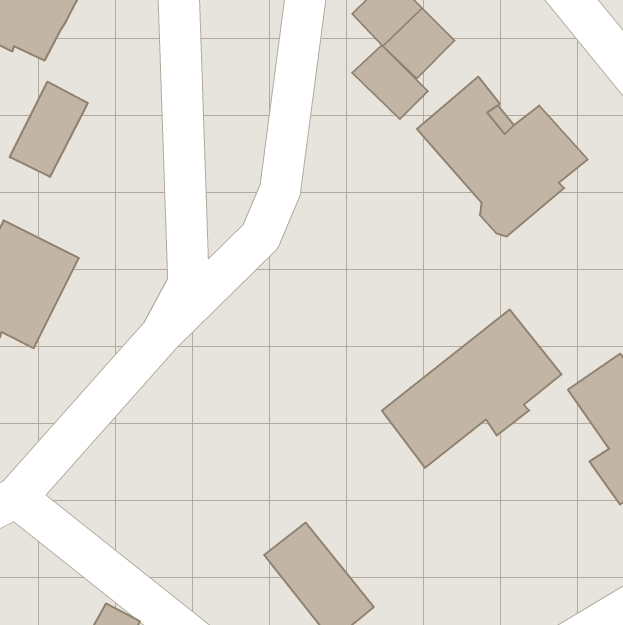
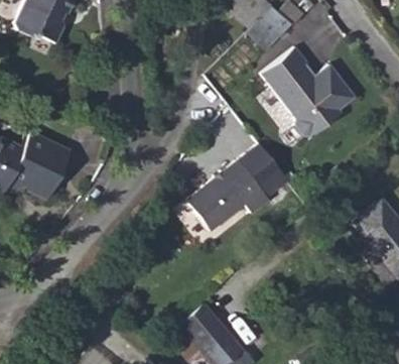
building: [352,45,428,119] -> none
building: [10,82,88,177] -> none
building: [382,310,562,468] -> [191,144,292,233]

